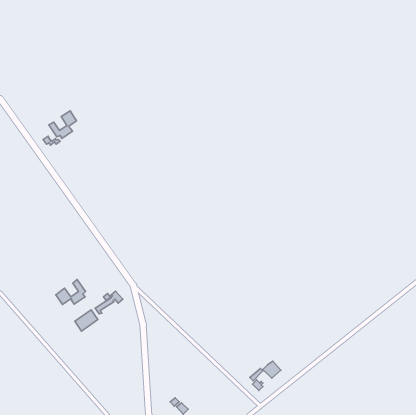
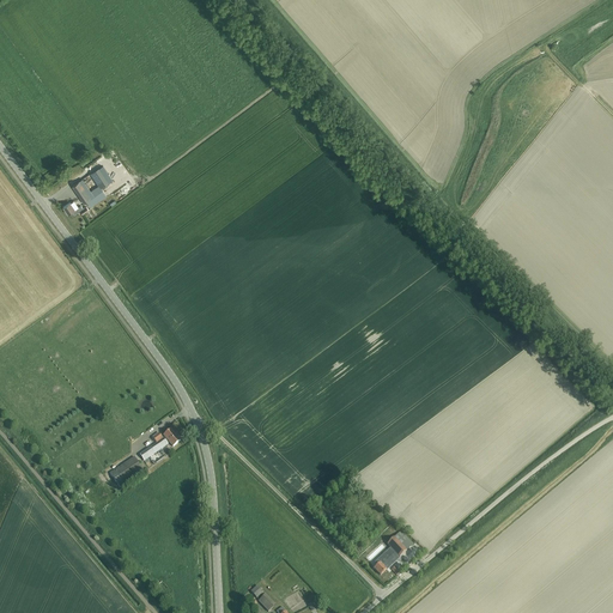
building: [56,279,86,304] -> none

